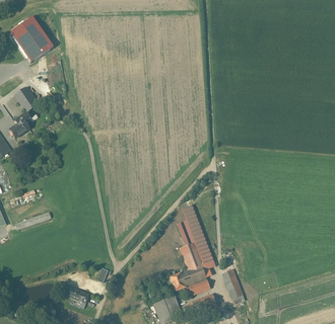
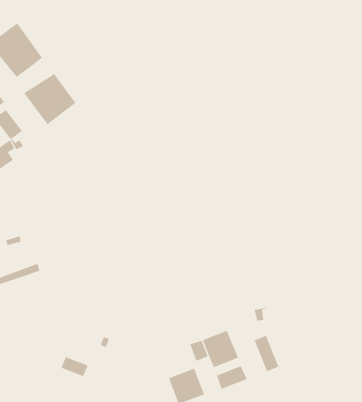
building: none -> [24,73,76,125]
building: [179,206,215,270] -> none

